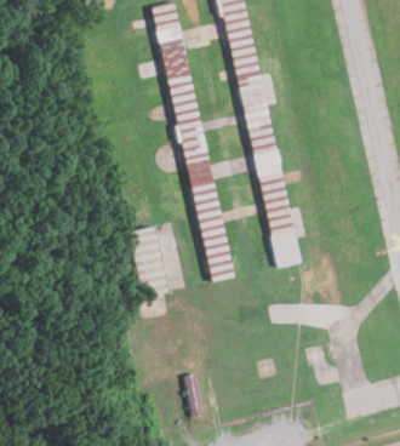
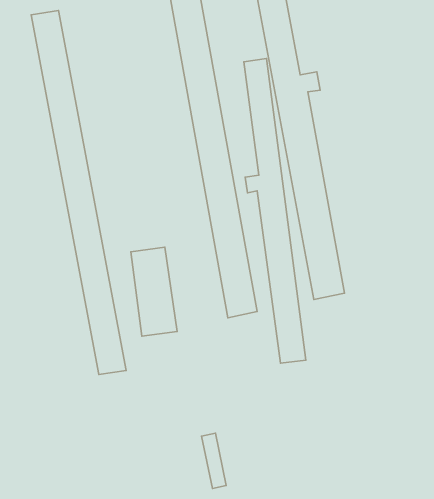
building: none -> [31,11,126,375]
building: none -> [244,58,306,363]

